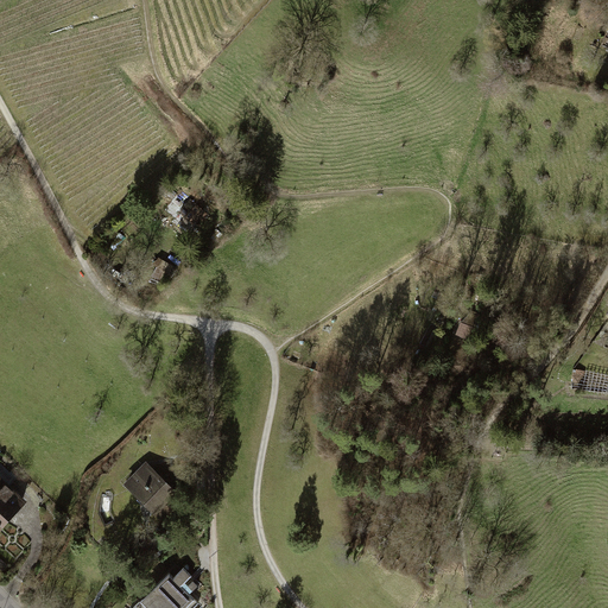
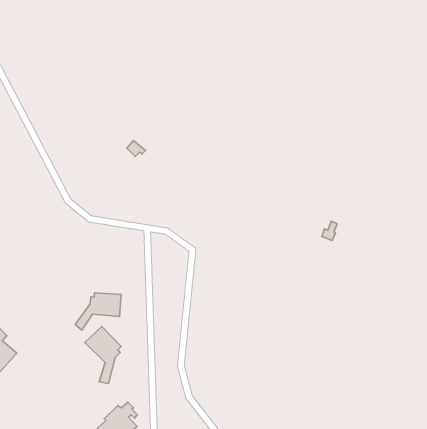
building: none -> [75,293,121,330]

